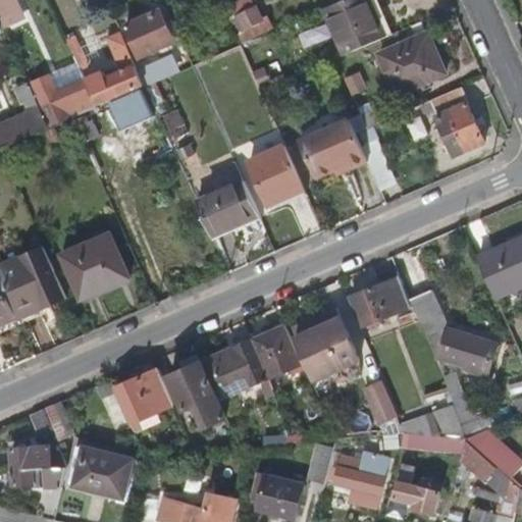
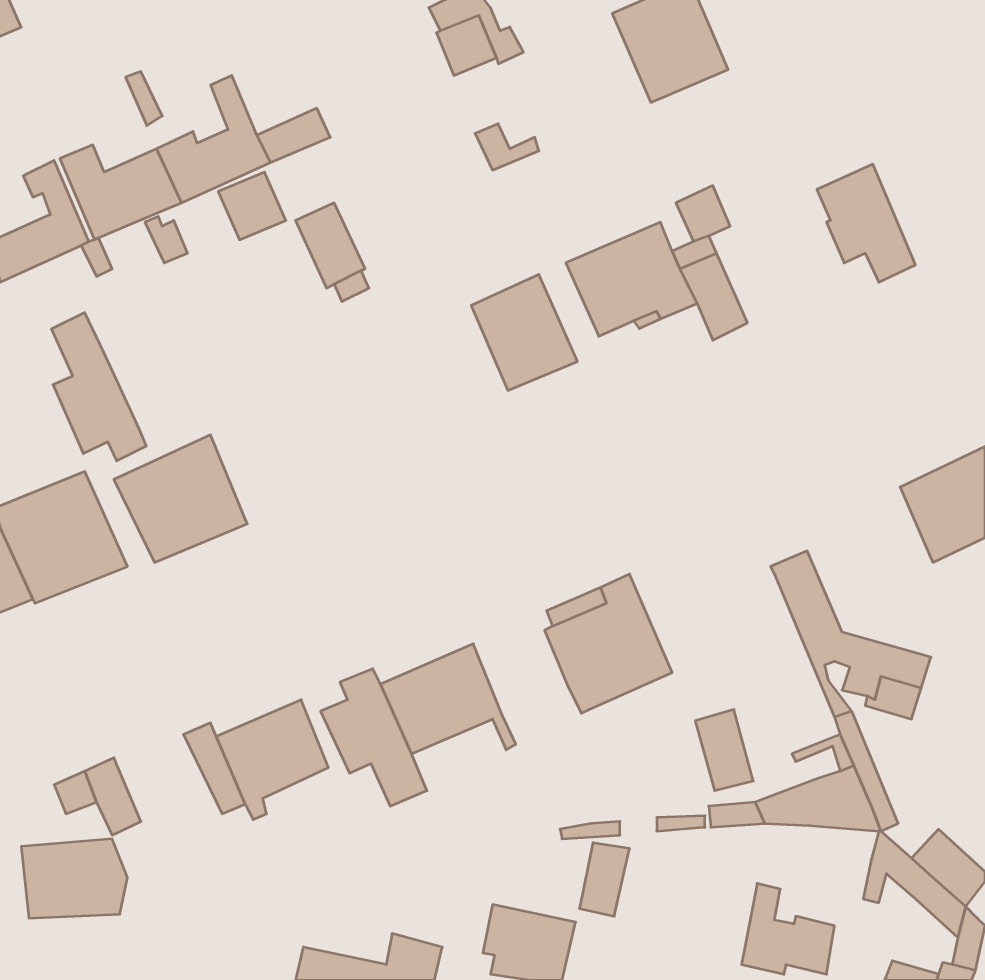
building: [124,12,171,56] -> none
building: [378,34,443,94] -> none
building: none -> [52,313,146,461]
building: [195,182,258,236] -> none
building: [348,273,409,323] -> none
building: [250,325,300,377] -> none
building: [75,447,134,497] -> none
building: [334,447,387,498] -> none

